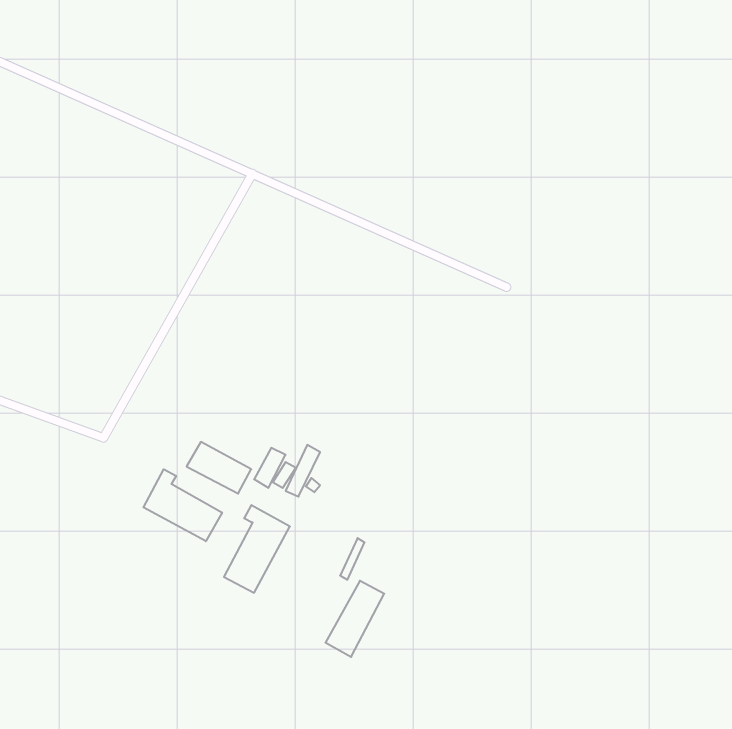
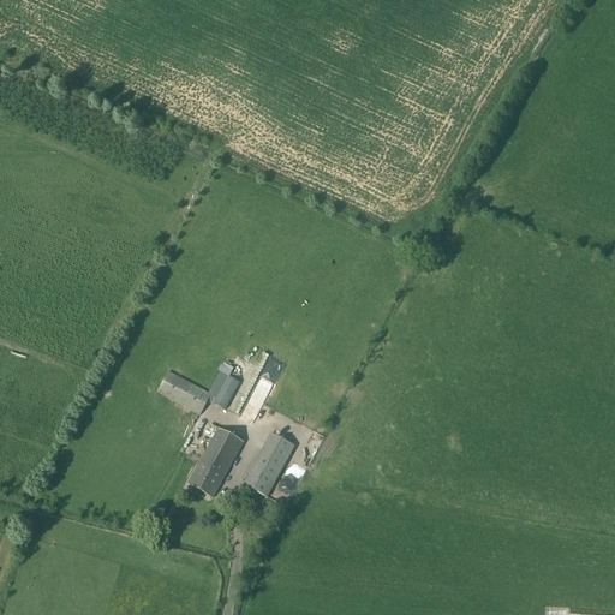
building: [143,469,222,541] -> none
building: [325,581,384,657] -> [243,431,292,495]

